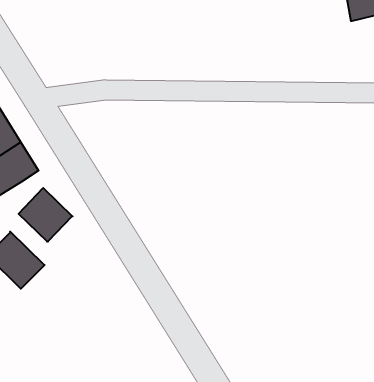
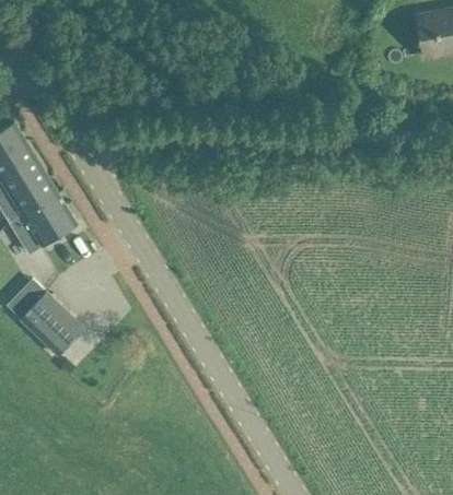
building: [19,188,73,242] -> none

